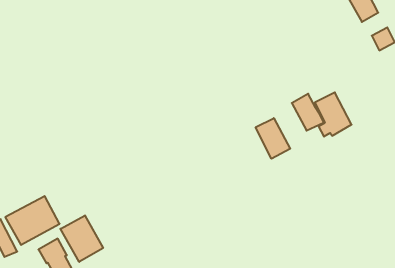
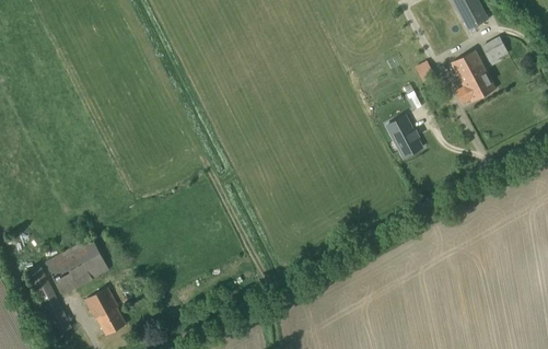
building: [315,92,352,137] -> [452,50,495,103]
building: [256,118,290,159] -> none
building: [60,215,103,262] -> none

